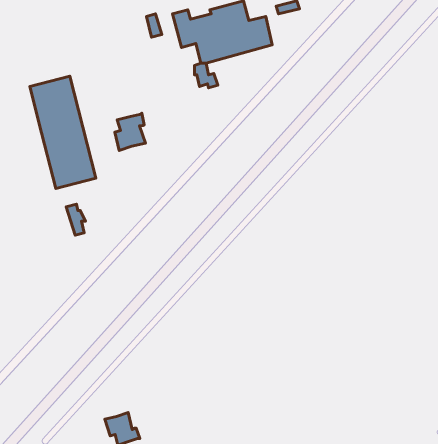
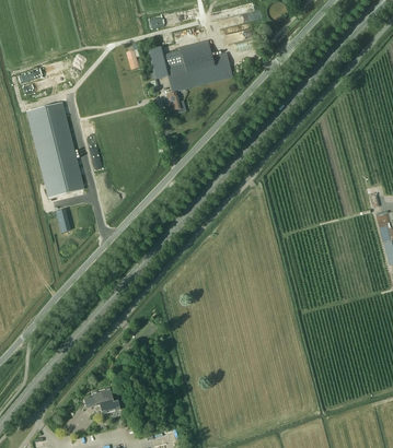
building: [115,113,145,150] -> none

